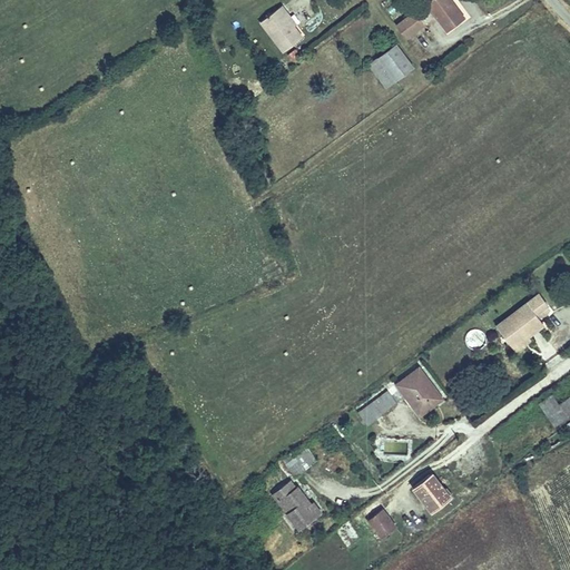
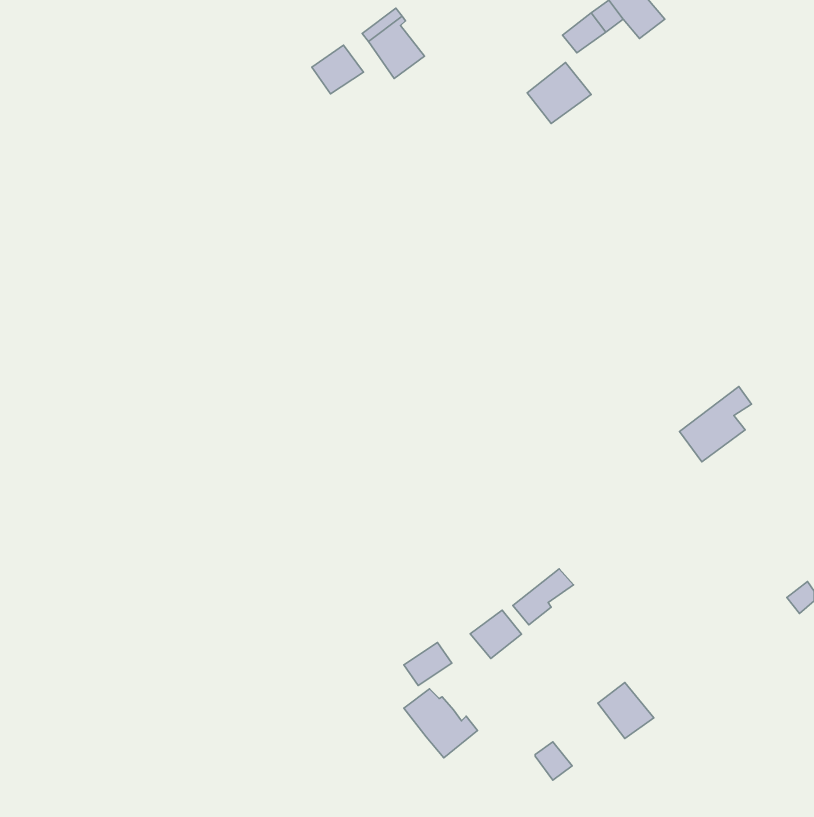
building: none -> [312,45,364,94]
building: [500,294,550,346] -> [679,387,752,462]
building: [399,371,442,420] -> none
building: none -> [470,610,522,658]

